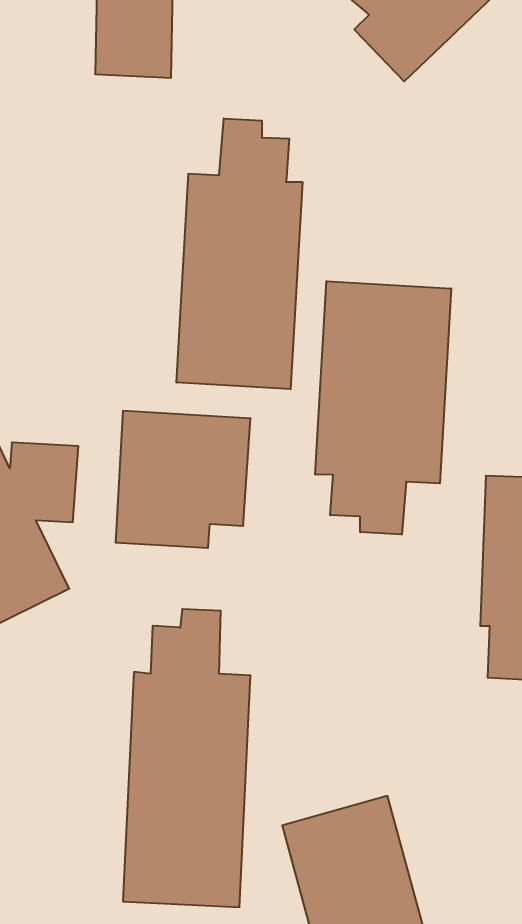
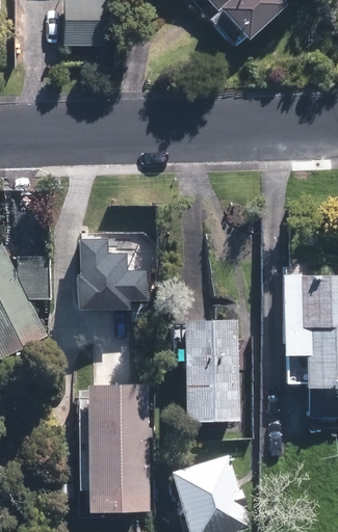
building: [176,118,302,389] -> none
building: [315,281,451,535] -> none
building: none -> [181,318,239,423]

